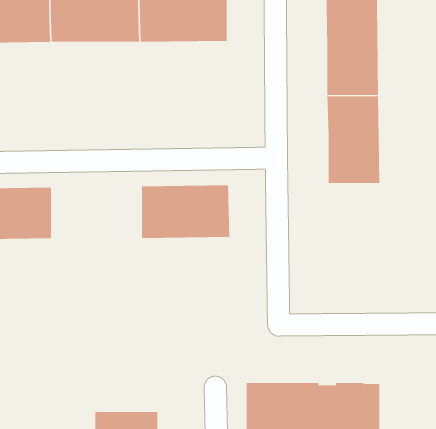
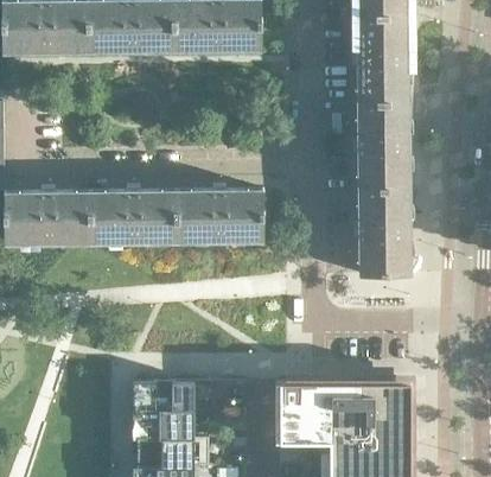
building: none -> [358,190,409,276]
building: none -> [90,192,177,243]
building: none -> [132,383,193,412]

